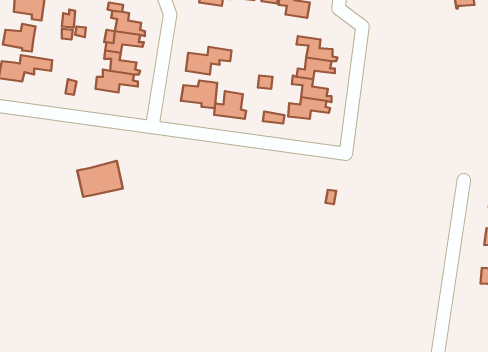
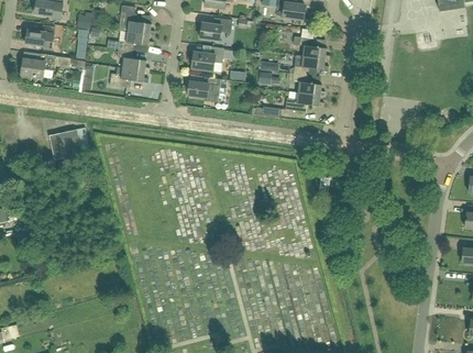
building: none -> [199,18,232,40]
building: [214,91,246,119] -> none
building: [77,161,123,197] -> [48,125,90,158]

